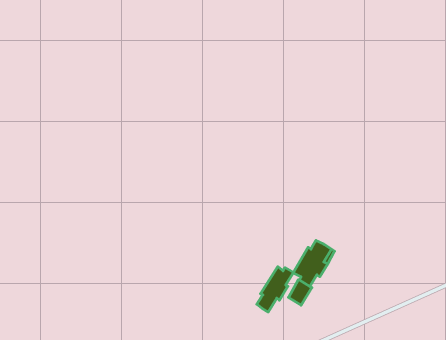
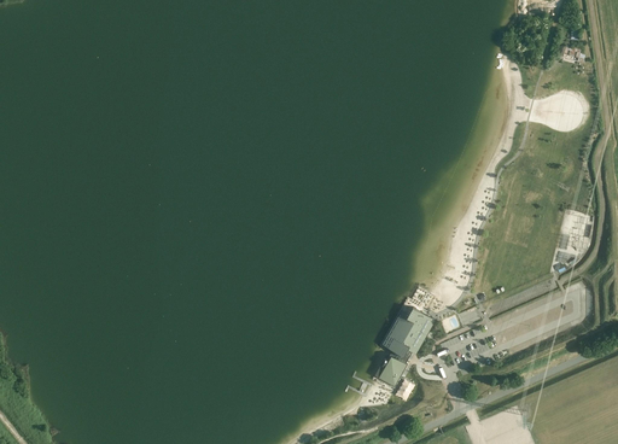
building: [257,267,293,312] -> none

